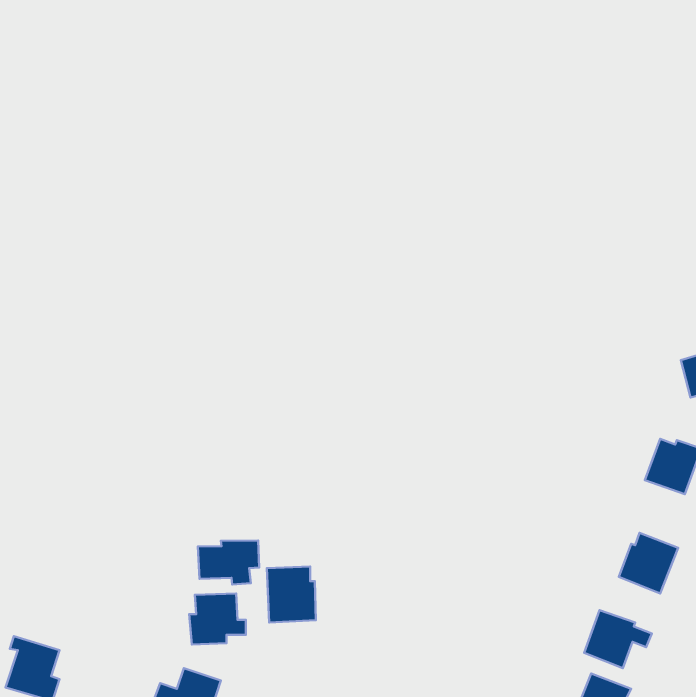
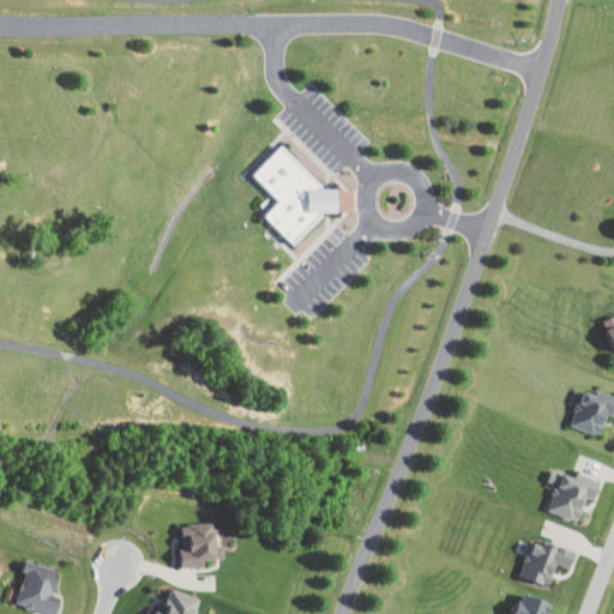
building: none -> [258,152,344,251]
building: [198,541,259,584] -> none
building: [267,567,316,622] -> none

